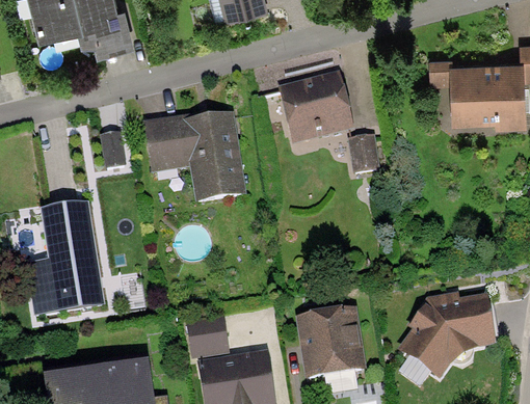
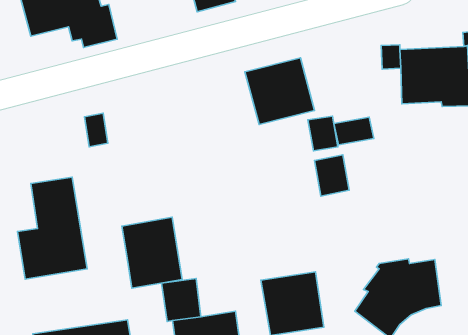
building: [143,110,245,200] -> none
building: none -> [334,117,374,145]
building: none -> [314,155,349,196]
building: none -> [122,217,182,288]

